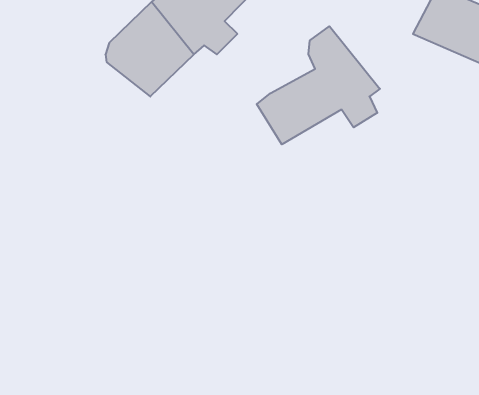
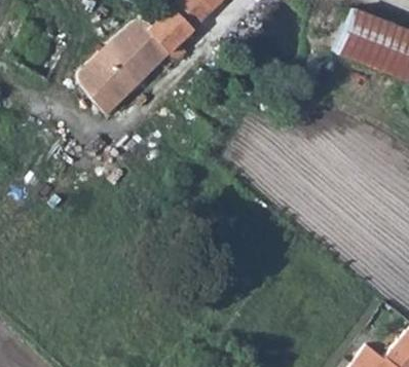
building: [257,26,380,144] -> none

